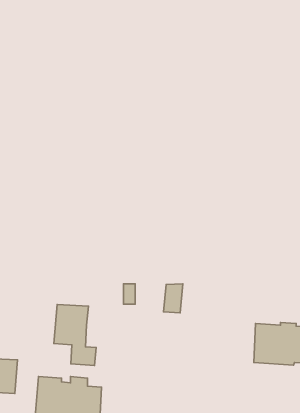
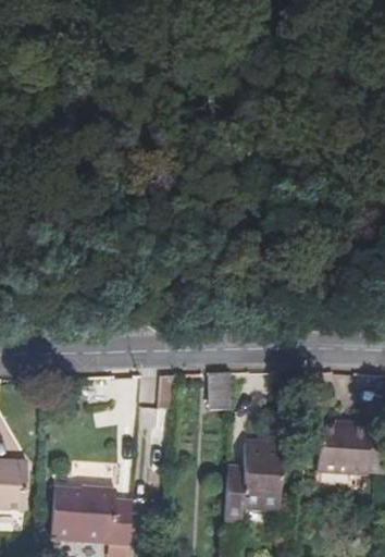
building: [54,304,96,365] -> none
building: none -> [223,442,283,525]

